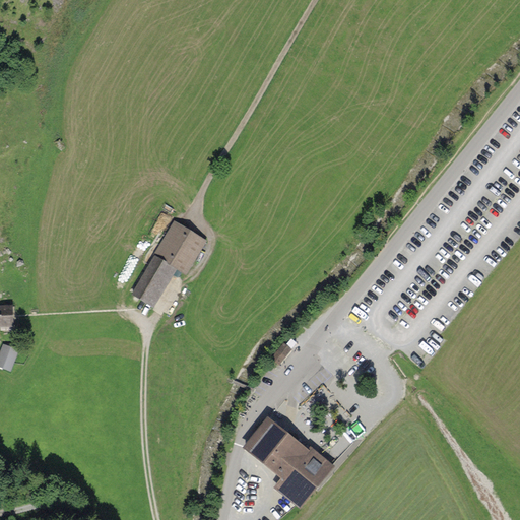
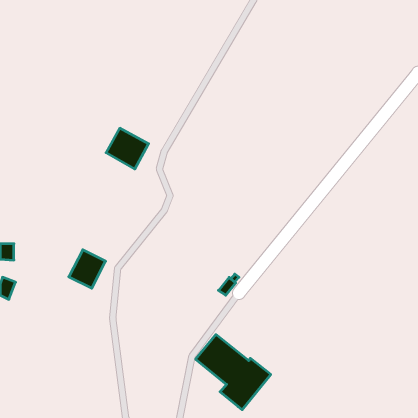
building: [150,224,203,275] -> [106,128,149,169]
building: [127,261,173,309] -> [69,250,106,288]

